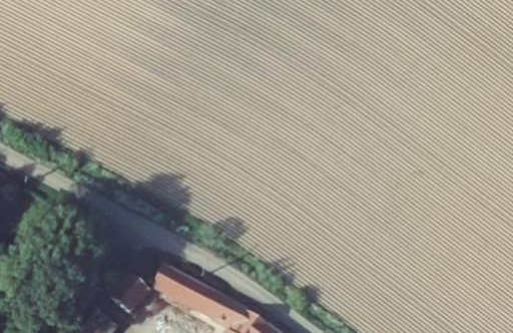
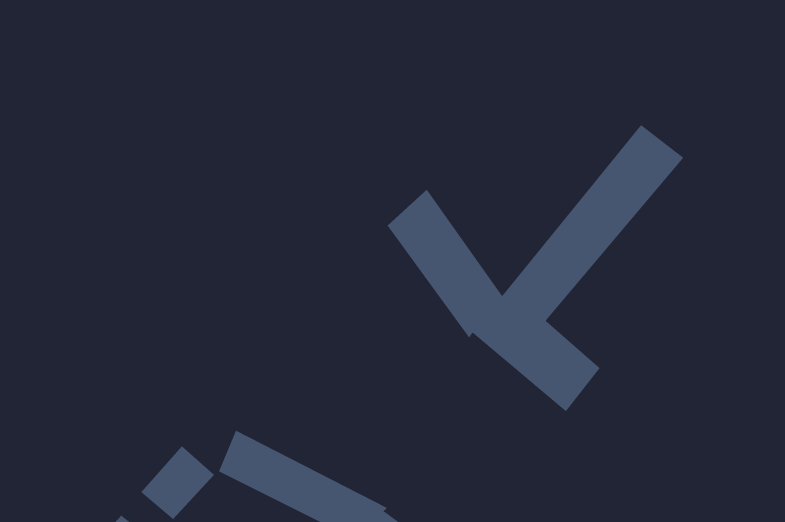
building: none -> [387,124,684,412]

